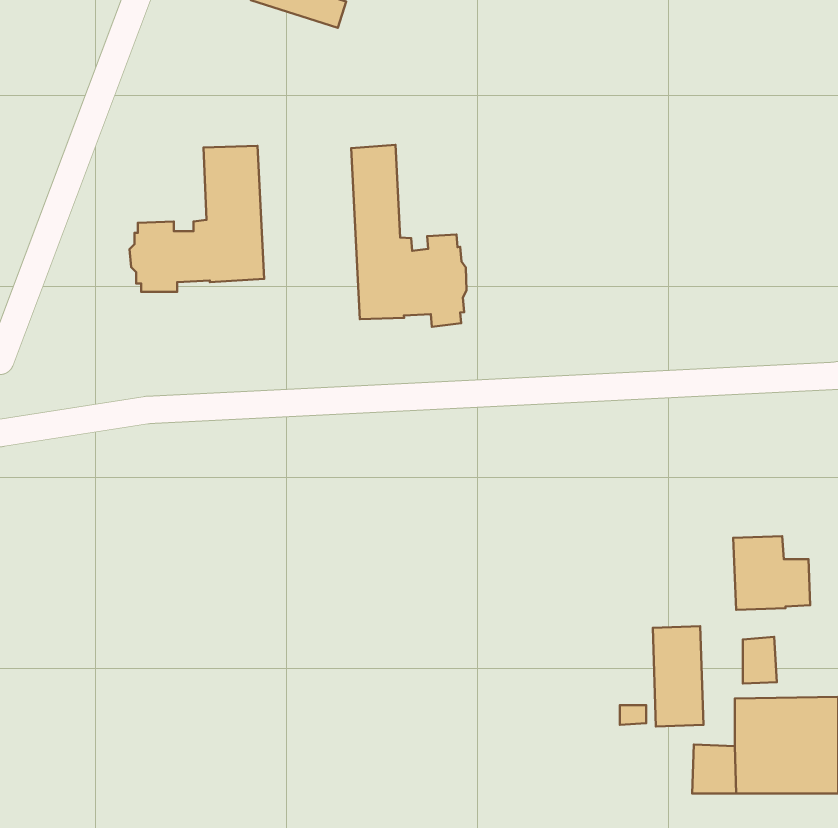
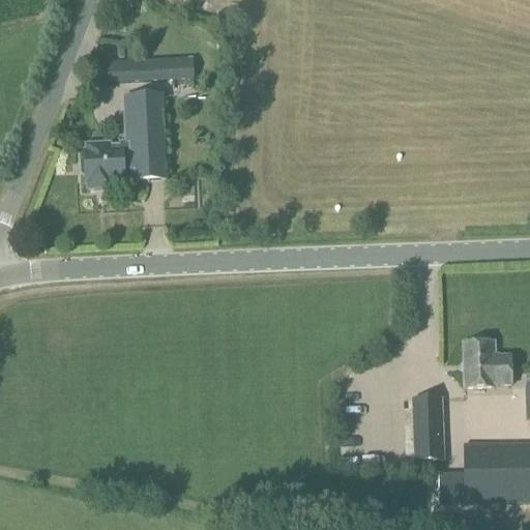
building: none -> [97,53,194,81]
building: [351,145,466,327] -> none
building: [743,637,777,683] -> none

